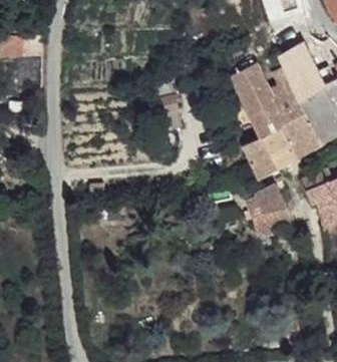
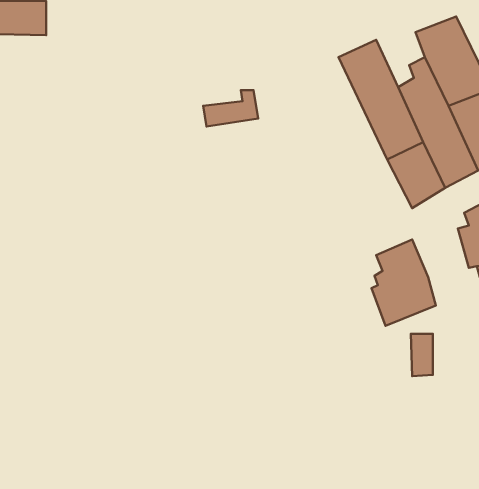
building: [240,135,276,178] -> none

